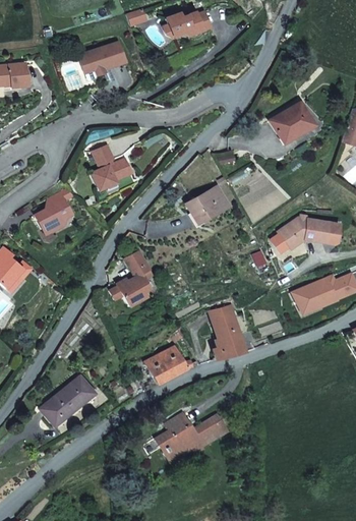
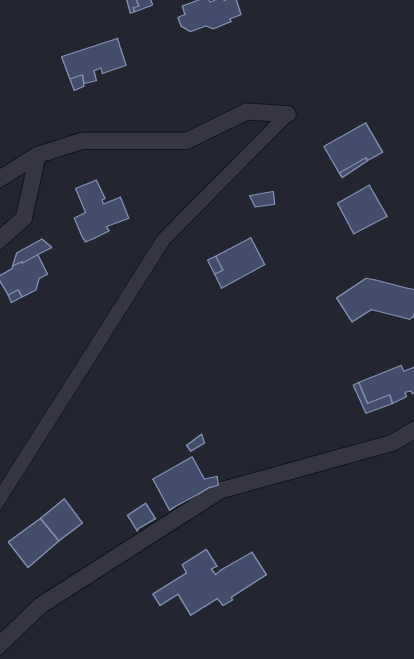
building: none -> [338,185,387,234]
building: [110,250,154,307] -> none
building: [211,305,257,360] -> none

